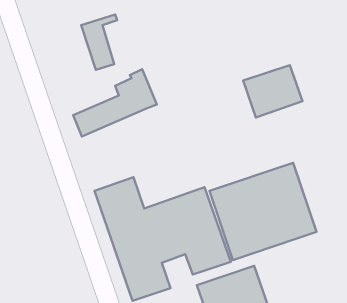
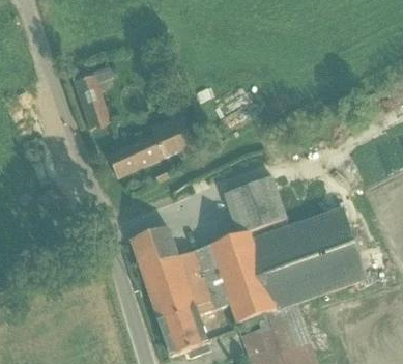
building: [81,14,117,70] -> [75,69,113,129]
building: [243,65,302,118] -> [221,175,284,231]

